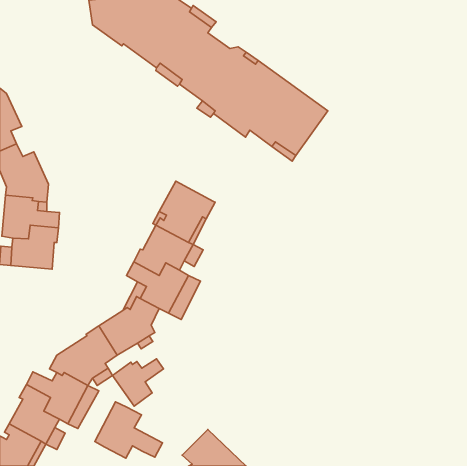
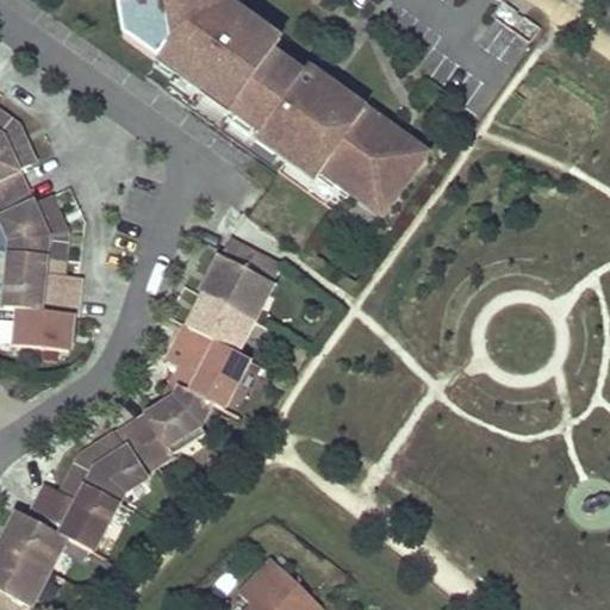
building: [113,359,163,406] -> none
building: [95,402,162,458] -> none

